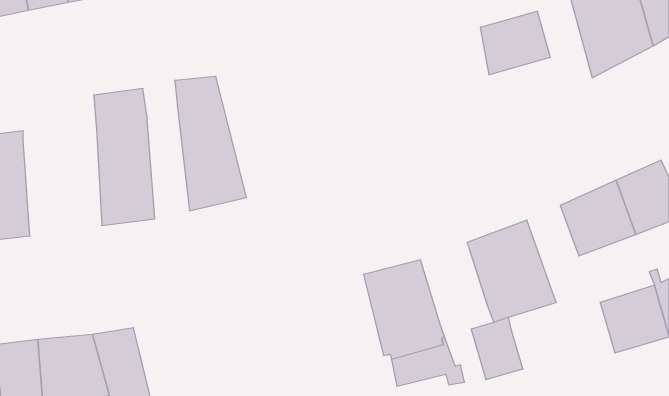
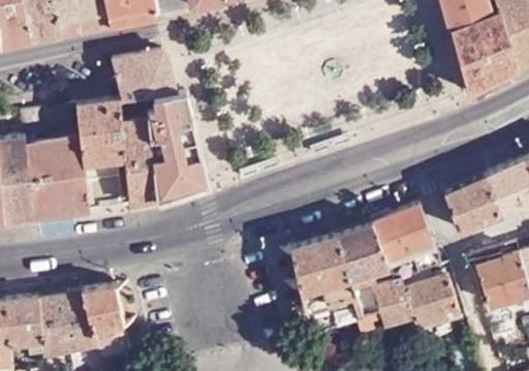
building: [480,11,550,75] -> none
building: none -> [112,53,176,99]
building: none -> [121,118,155,205]
building: none -> [26,135,87,218]
building: none -> [335,223,386,284]
building: none -> [405,277,460,330]

